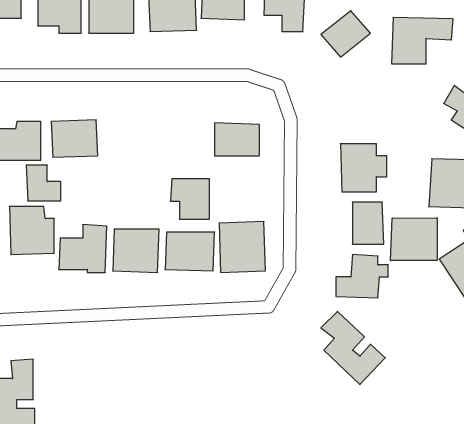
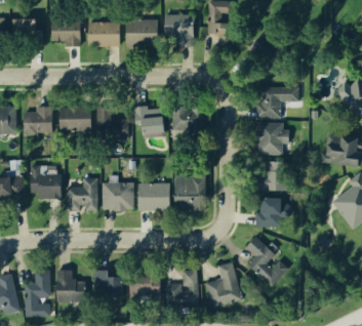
building: [392,17,453,64] -> [258,86,300,118]
building: [26,165,61,201] -> [97,108,121,132]
building: [170,179,209,219] -> [140,109,167,136]
building: [390,218,437,261] -> none
building: none -> [206,262,242,308]
building: none -> [94,270,126,298]
building: none -> [167,270,199,305]
building: none -> [57,274,88,302]
building: none -> [135,275,163,299]

